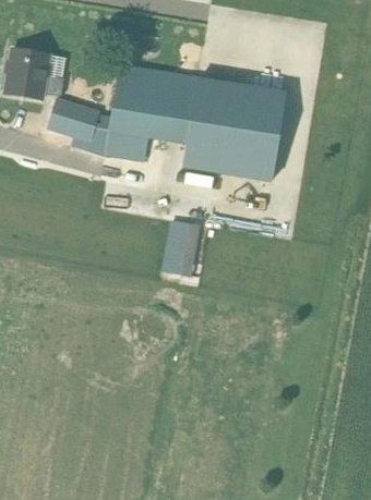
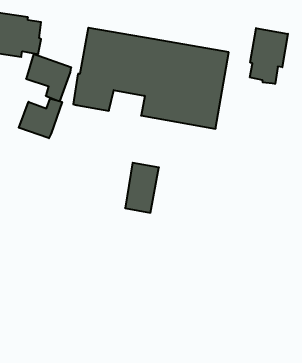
building: none -> [250,28,288,84]
building: none -> [19,99,62,138]

